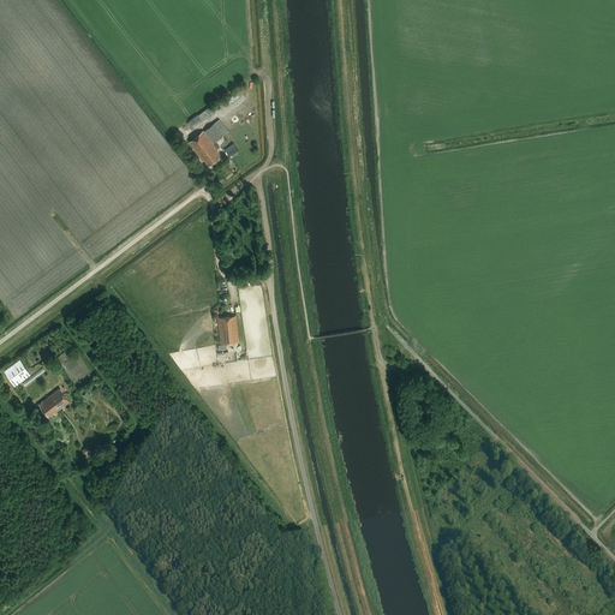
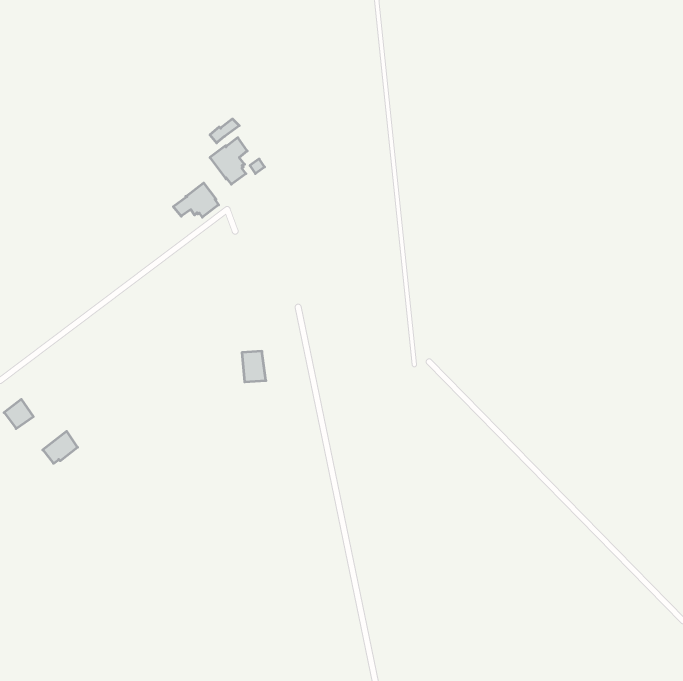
building: none -> [173,183,219,217]

